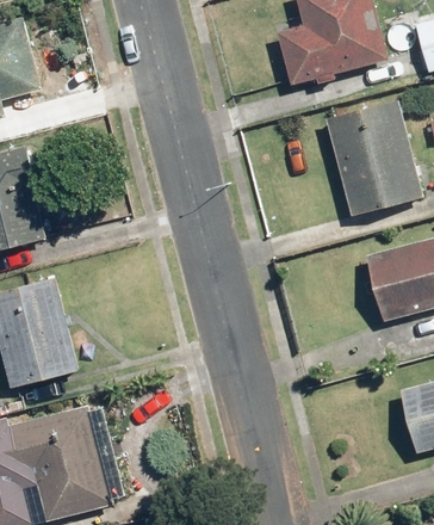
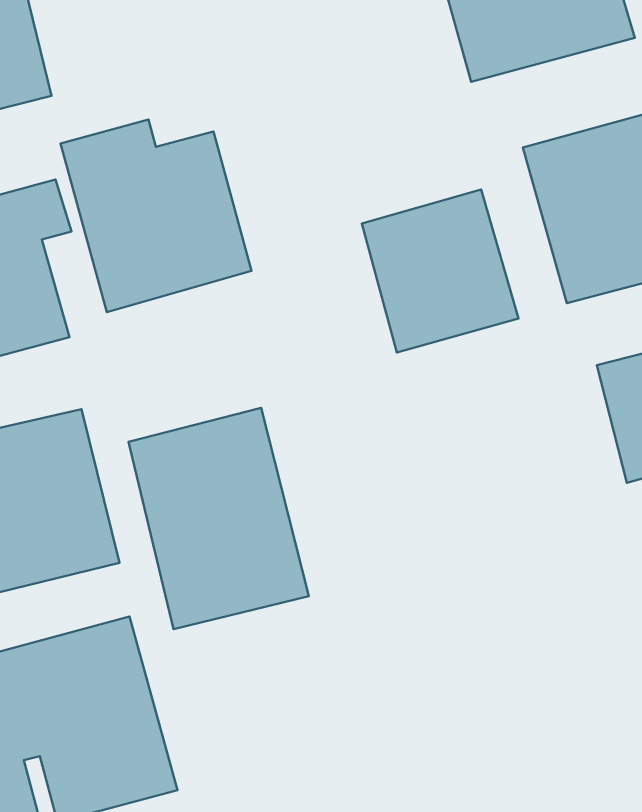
building: none -> [61,119,252,312]
building: none -> [362,189,519,352]
building: none -> [129,408,309,629]

